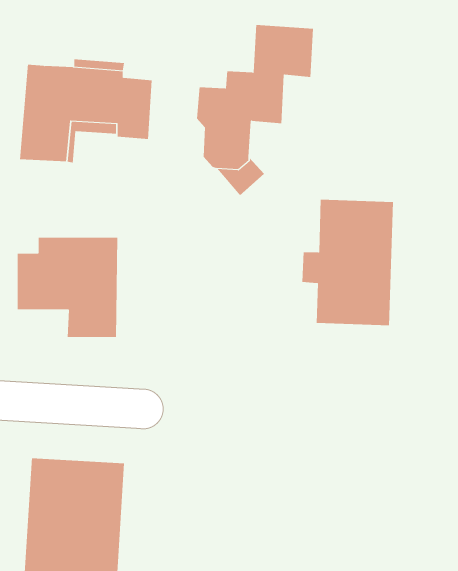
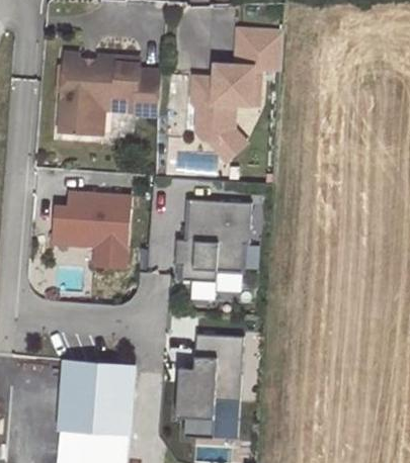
building: [301,199,394,326] -> [175,200,246,297]
building: none -> [174,335,243,436]

